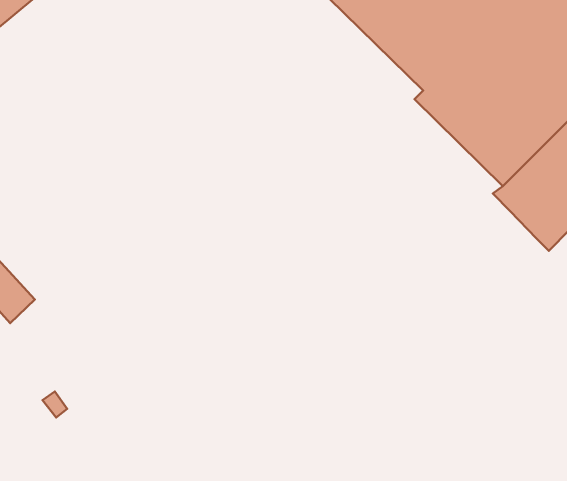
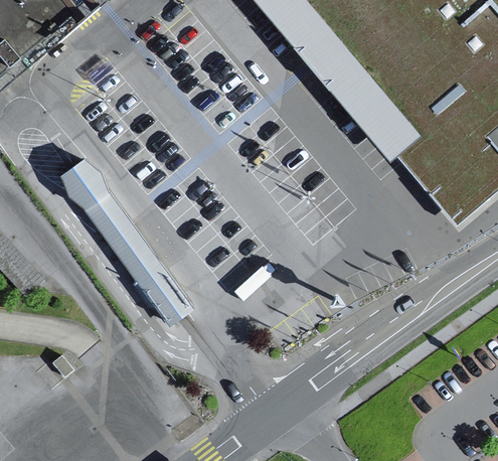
building: none -> [54,147,187,315]

